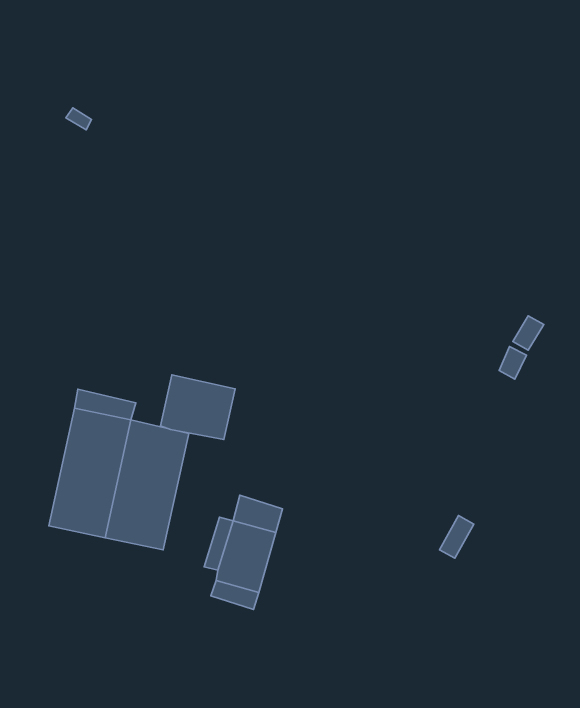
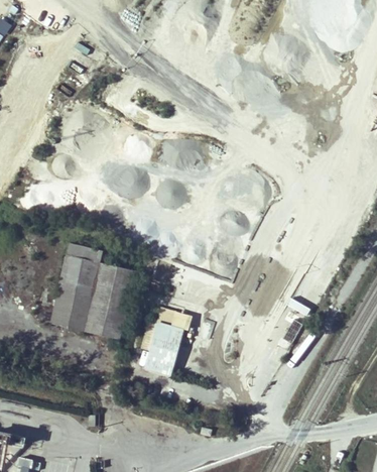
building: [160,375,235,440] -> none

